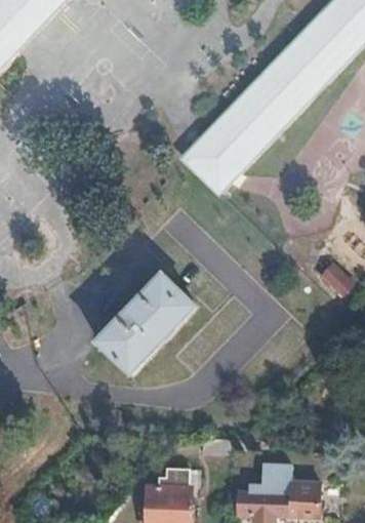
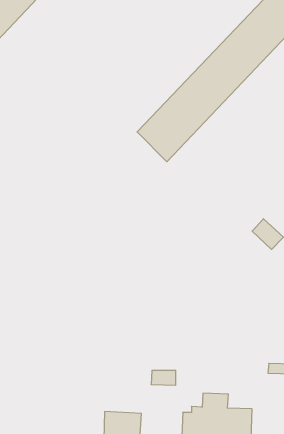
building: [96,273,195,373] -> none

